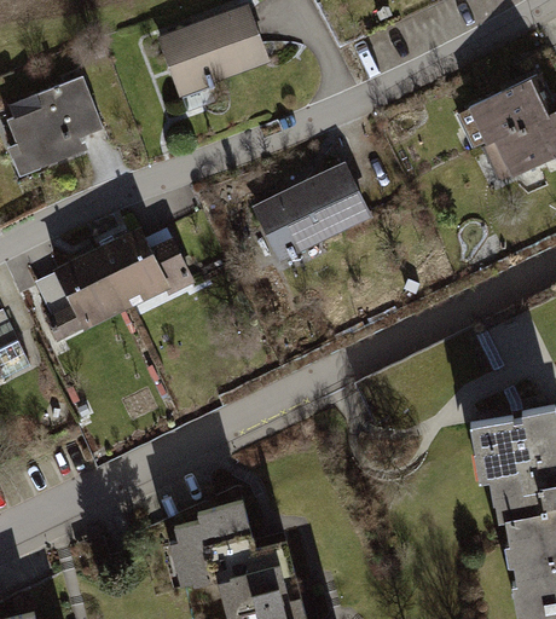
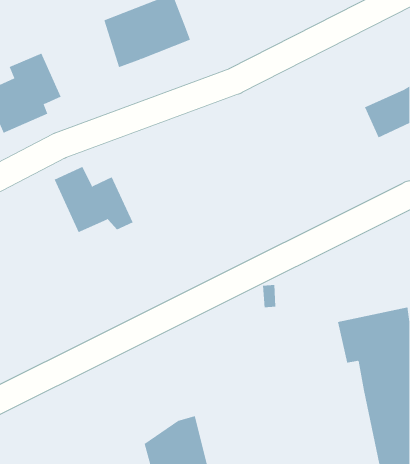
building: [467,79,546,150] -> none
building: [255,164,376,268] -> none
building: [47,239,127,339] -> none
building: [163,499,255,590] -> none

